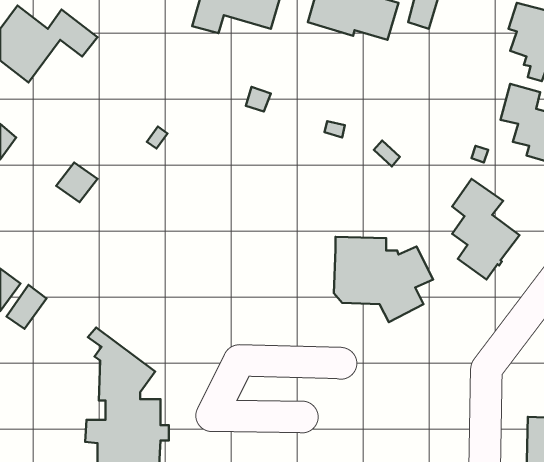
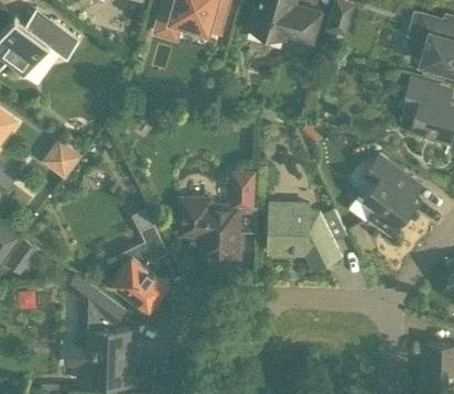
building: none -> [180,174,253,258]
building: none -> [112,211,169,310]

